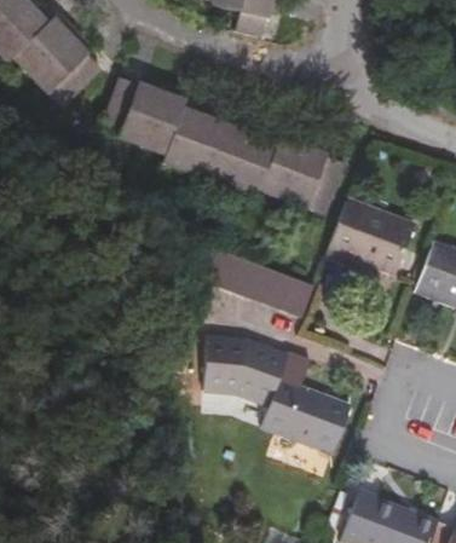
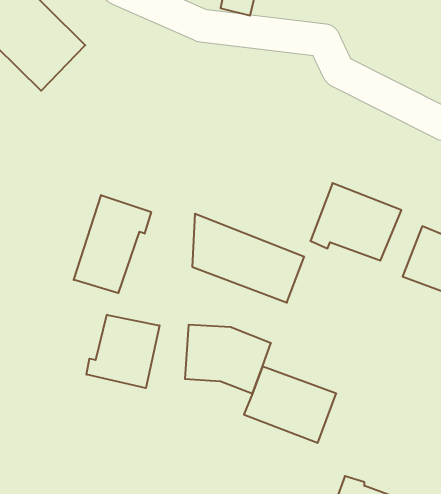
building: [115,87,346,214] -> none
building: none -> [74,195,151,293]
building: none -> [86,315,160,388]

